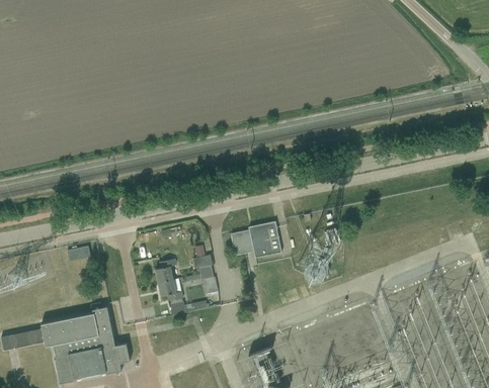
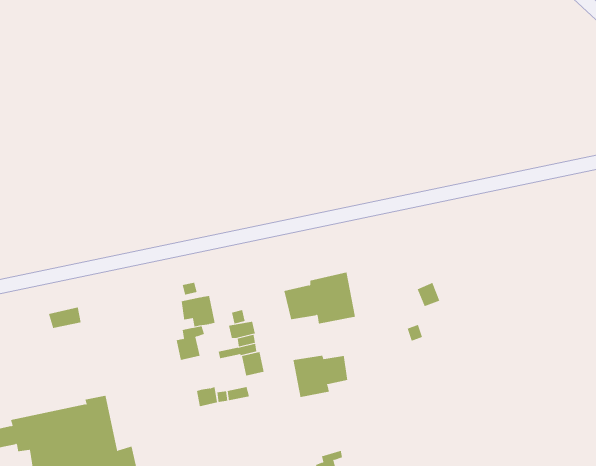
building: [158,279,182,301] -> [181,295,216,327]
building: none -> [293,355,348,398]

